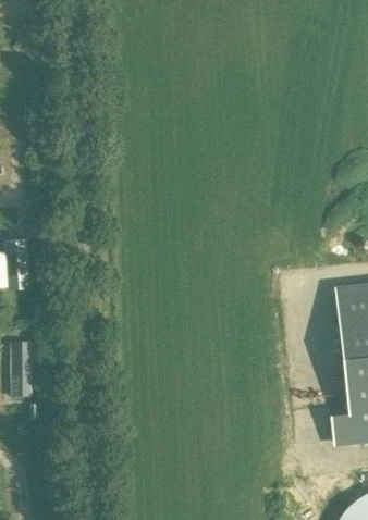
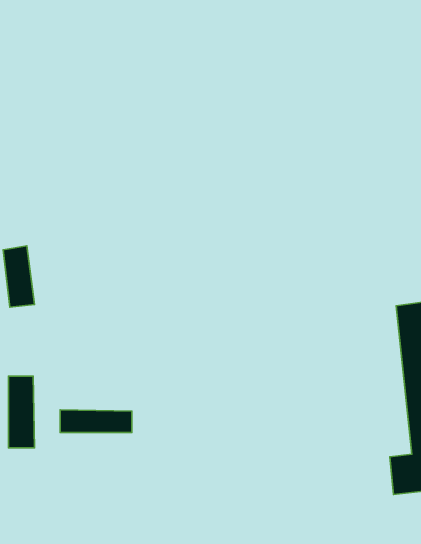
building: none -> [60,410,132,433]

